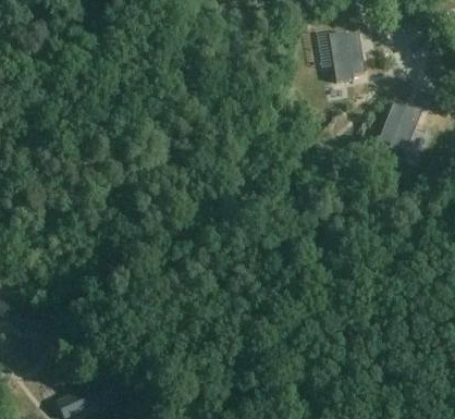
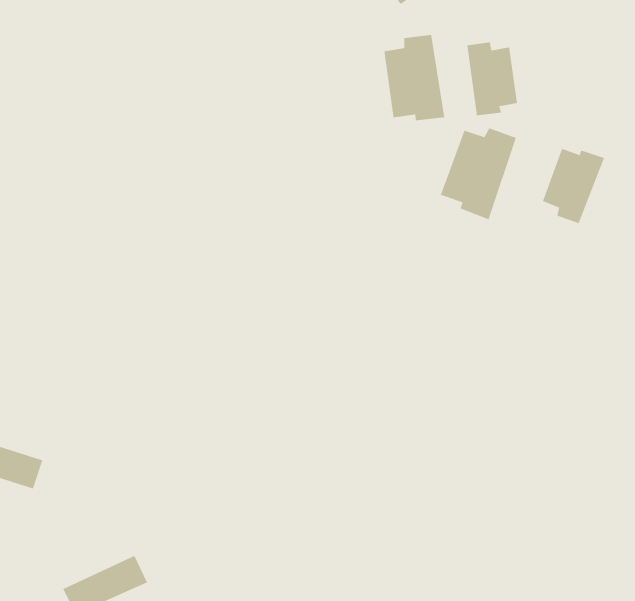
building: none -> [384,34,445,121]
building: none -> [440,127,517,220]

